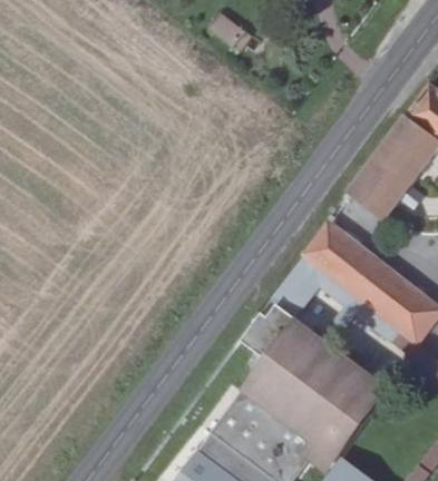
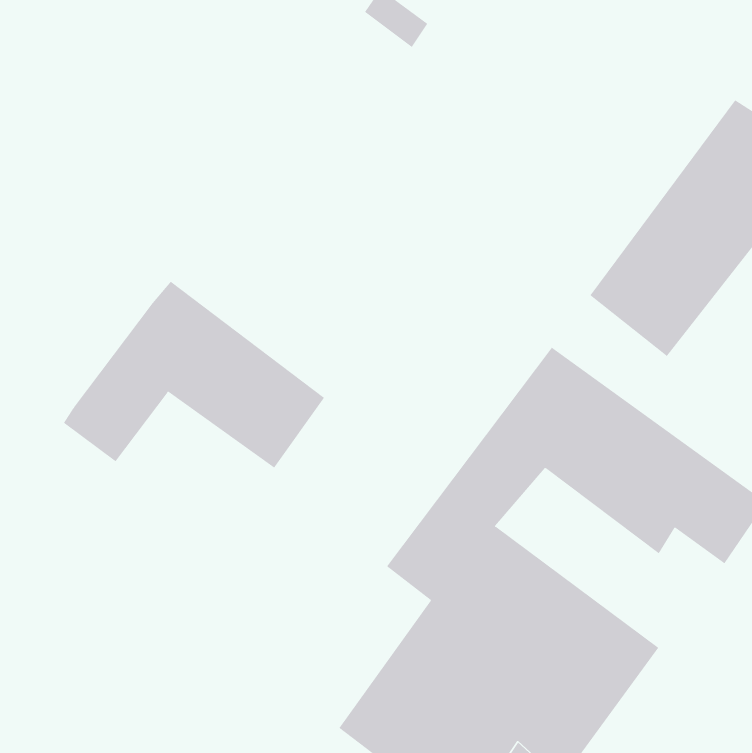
building: none -> [63,281,325,468]

